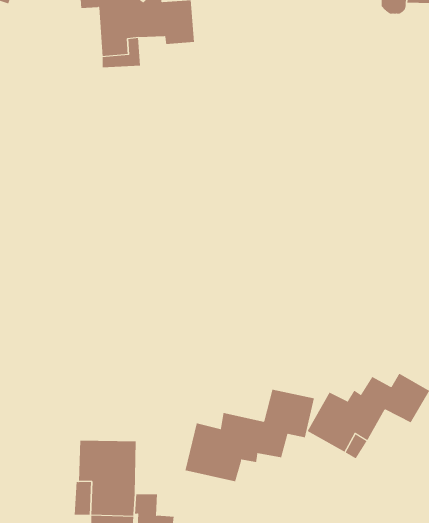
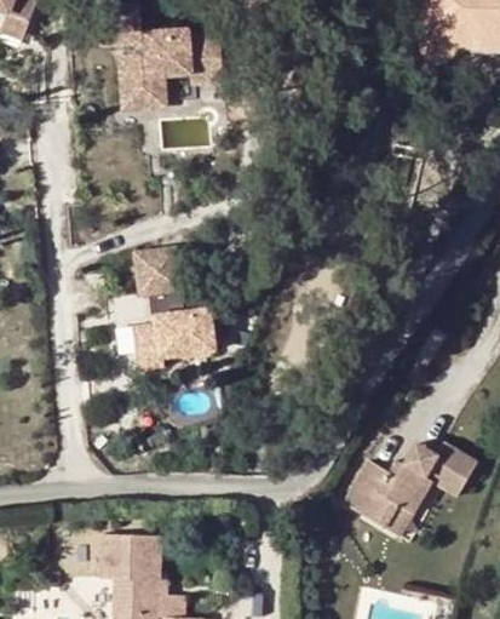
building: none -> [136,250,182,297]
building: none -> [133,310,215,371]
building: [185,389,314,482] -> none

